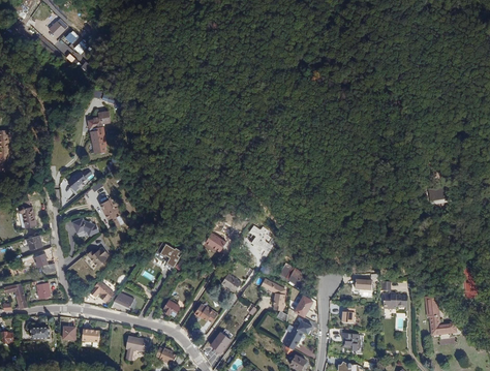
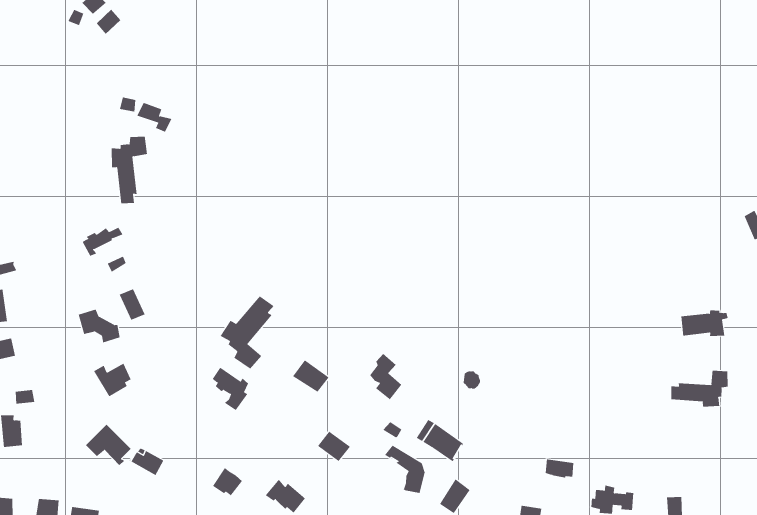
building: none -> [220,295,274,370]
building: none -> [671,370,728,407]

